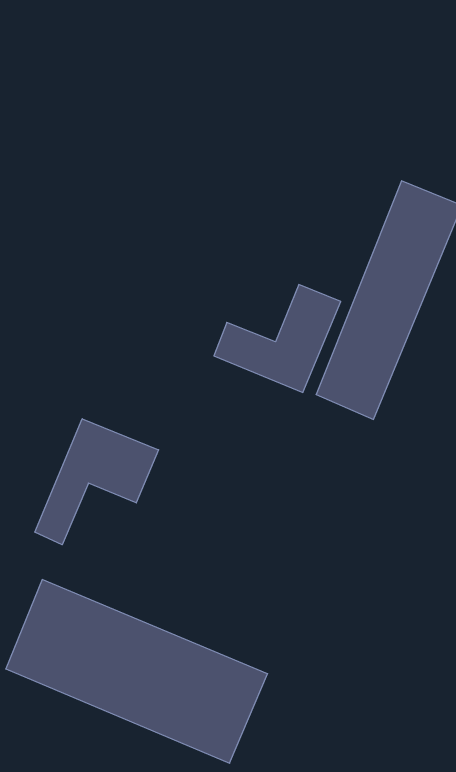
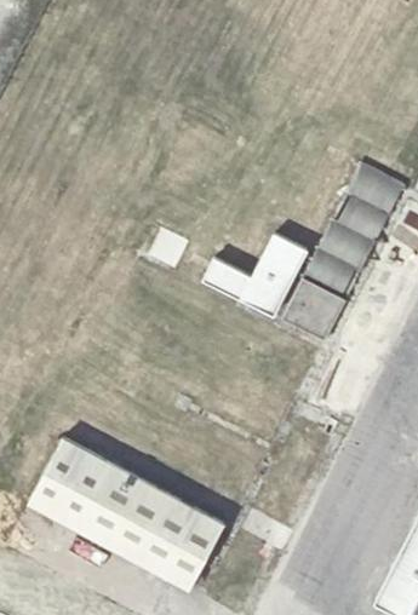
building: [35,419,159,545] -> none

